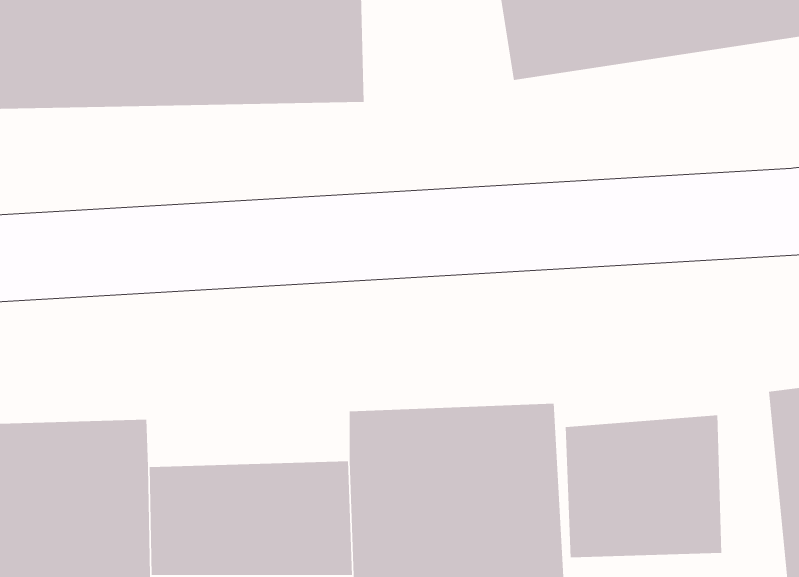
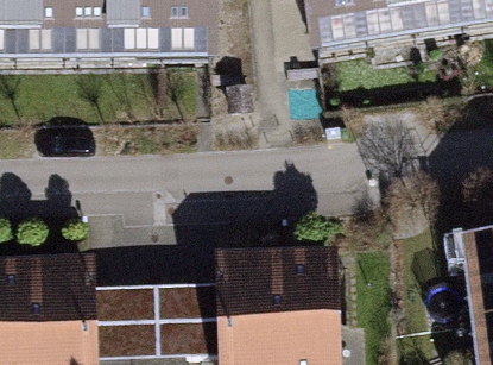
building: [565,415,722,558] -> none

